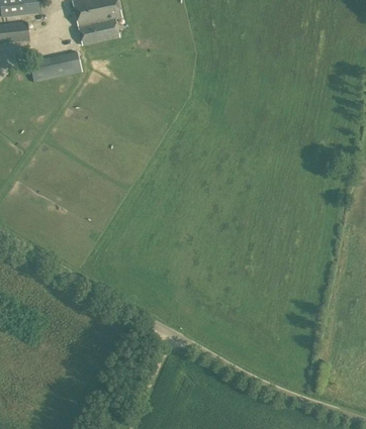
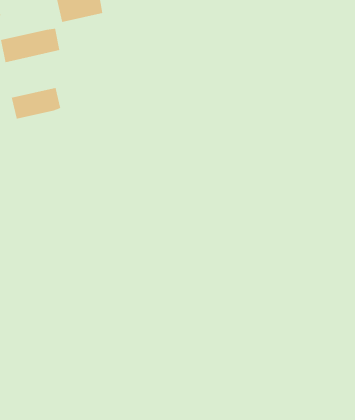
building: none -> [11,87,61,119]

